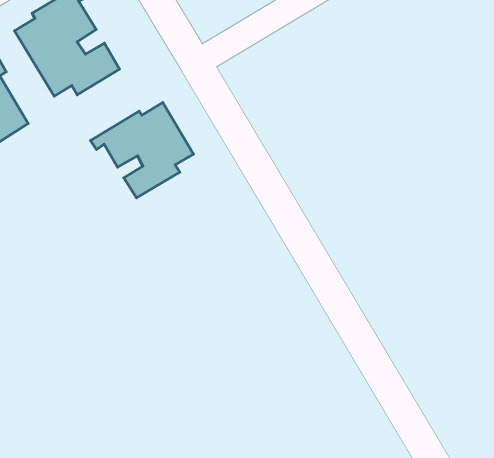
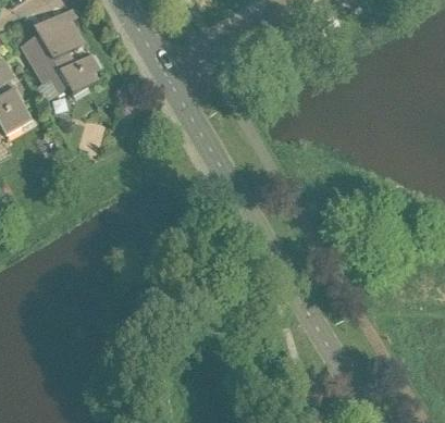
building: [91,103,193,198] -> none

